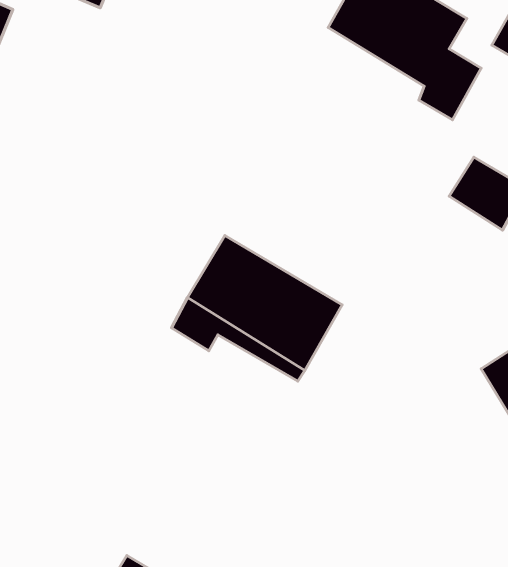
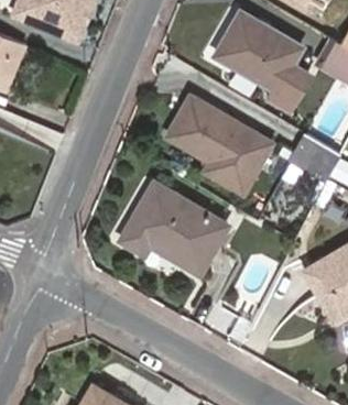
building: none -> [168,97,271,193]

